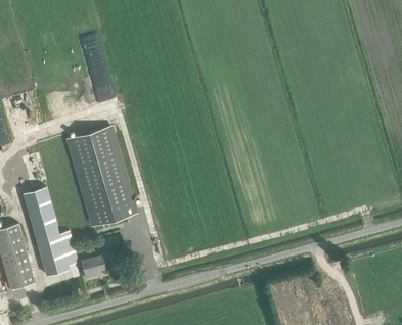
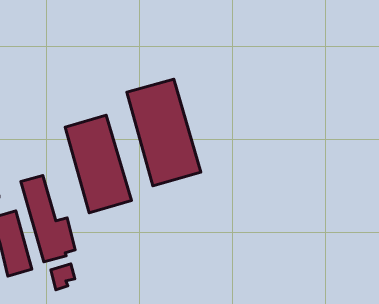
building: none -> [127,79,201,186]
building: [80,254,104,281] -> [51,264,75,290]

